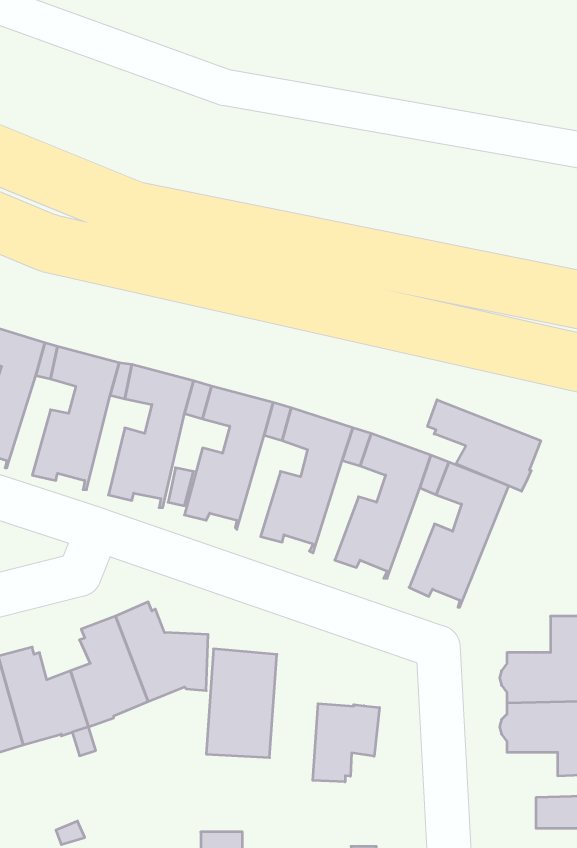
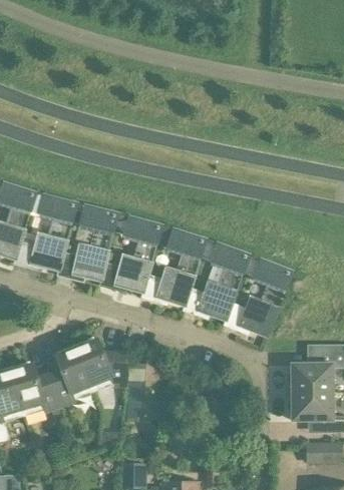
building: [428,400,541,491] -> none
building: [313,704,379,782] -> none

